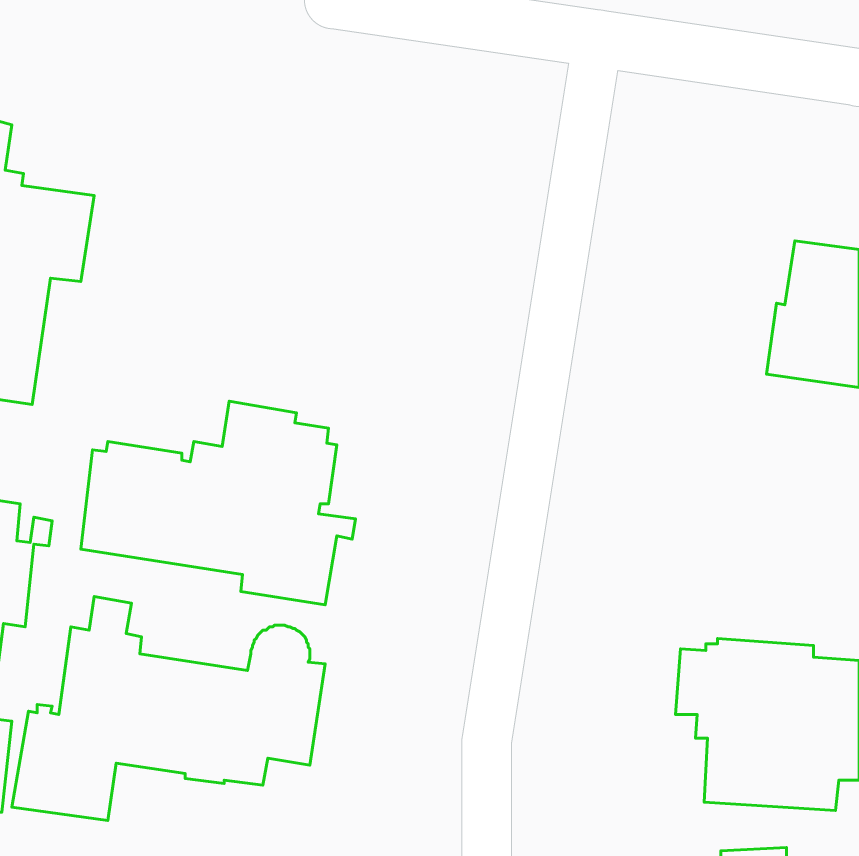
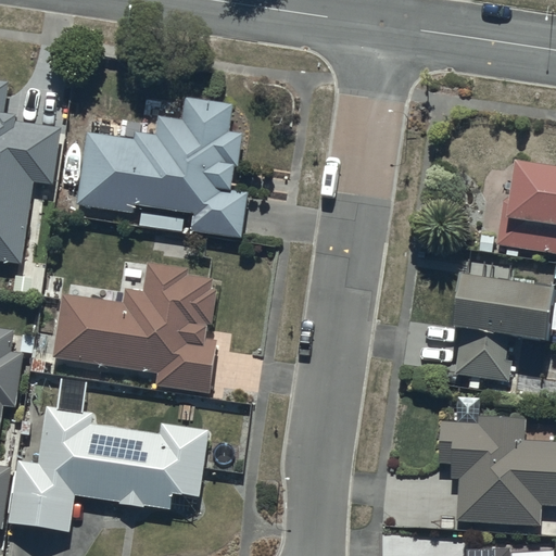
building: none -> [76,98,268,238]
building: none -> [452,269,548,379]

